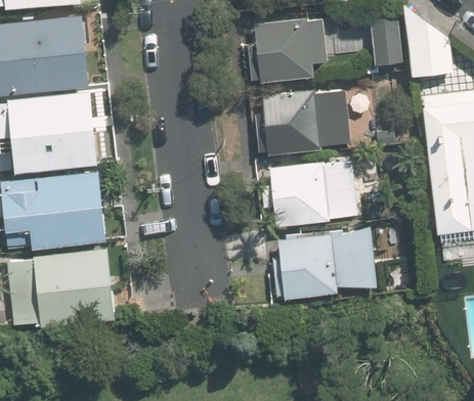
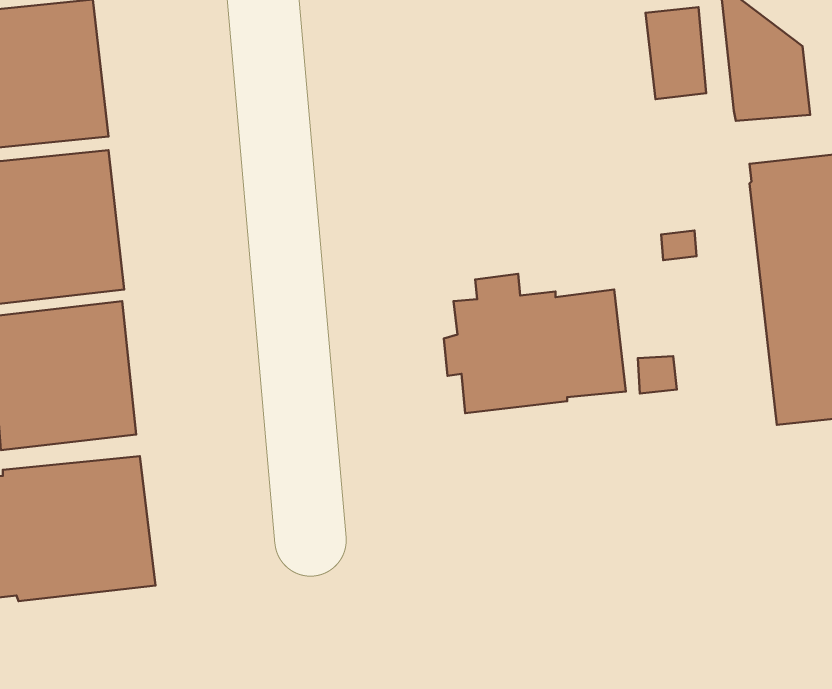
building: [248,18,322,82] -> none
building: [256,90,348,154] -> none
building: [271,226,376,300] -> none

